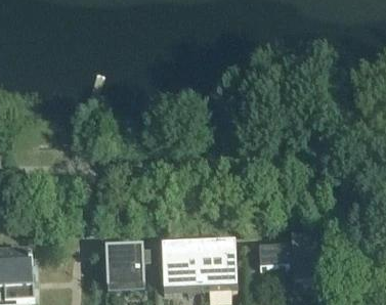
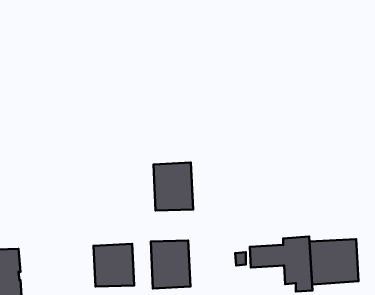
building: [200,248,239,295] -> [153,162,193,210]
building: none -> [310,239,358,284]

